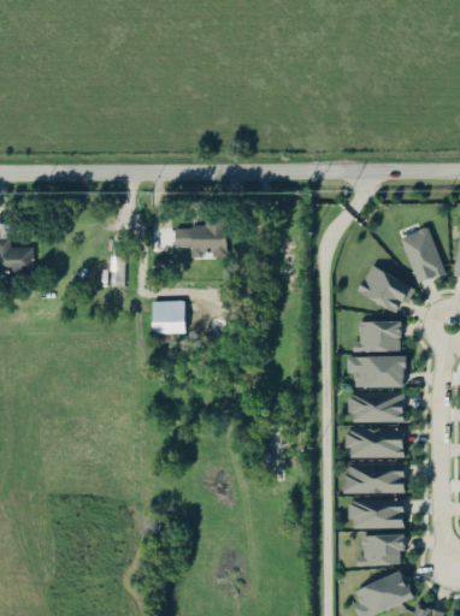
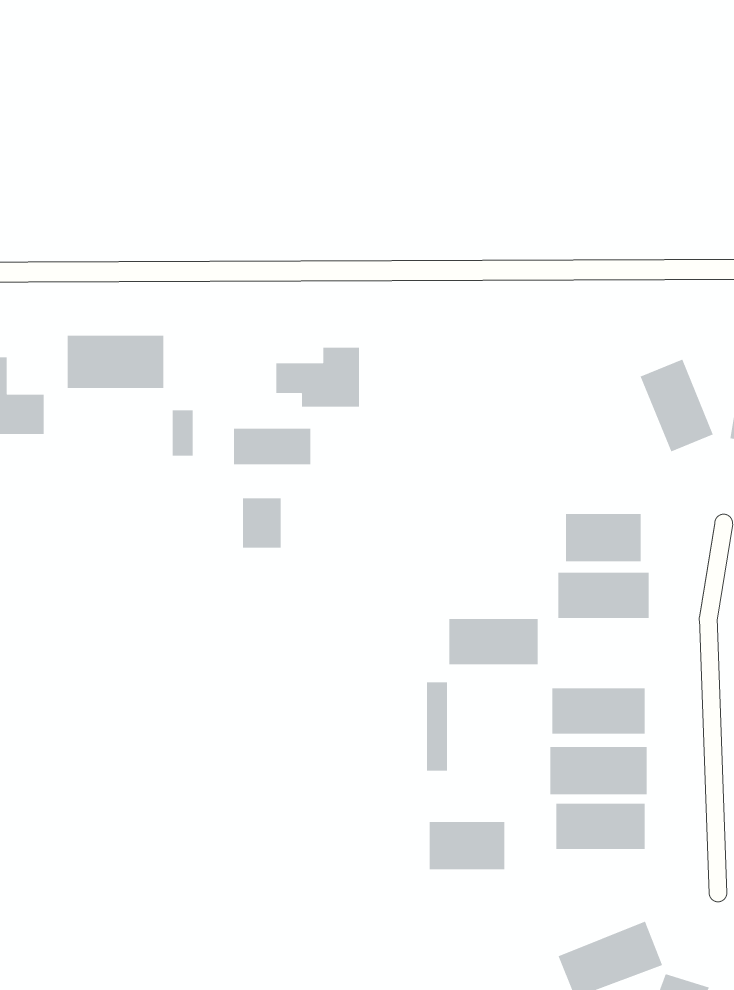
building: none -> [67,335,164,389]
building: [359,266,414,315] -> none
building: none -> [233,428,311,465]
building: [348,393,403,422] -> [449,618,539,665]
building: [359,535,406,565] -> [429,821,505,870]

